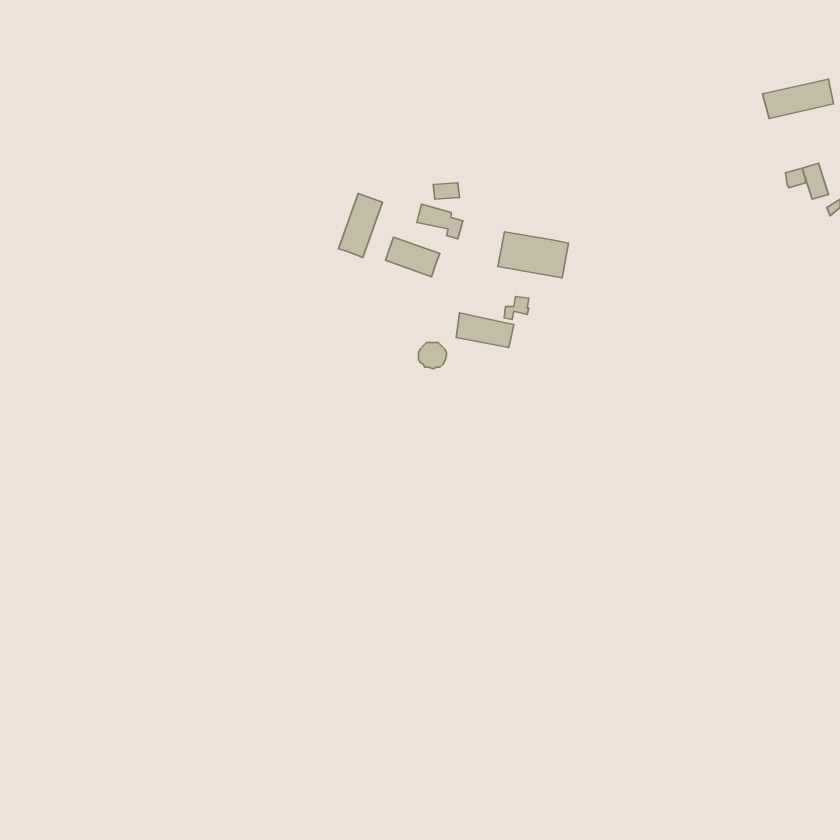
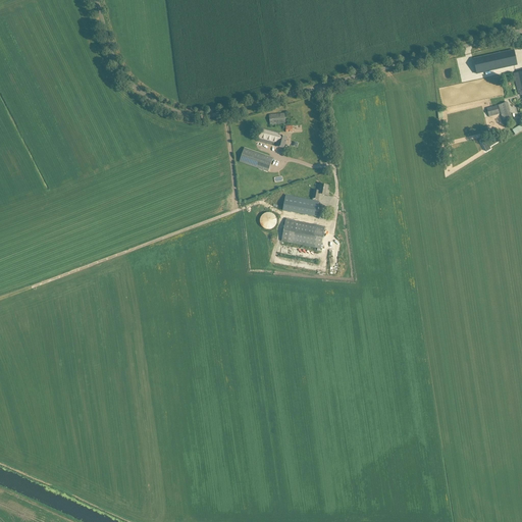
building: [338,193,383,258] -> none
building: [498,232,569,278] -> [280,219,324,248]

